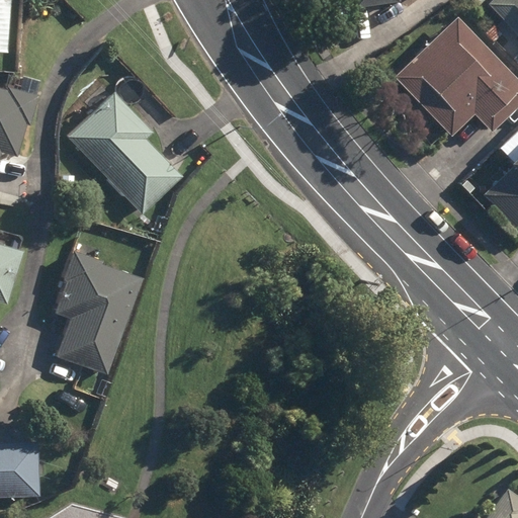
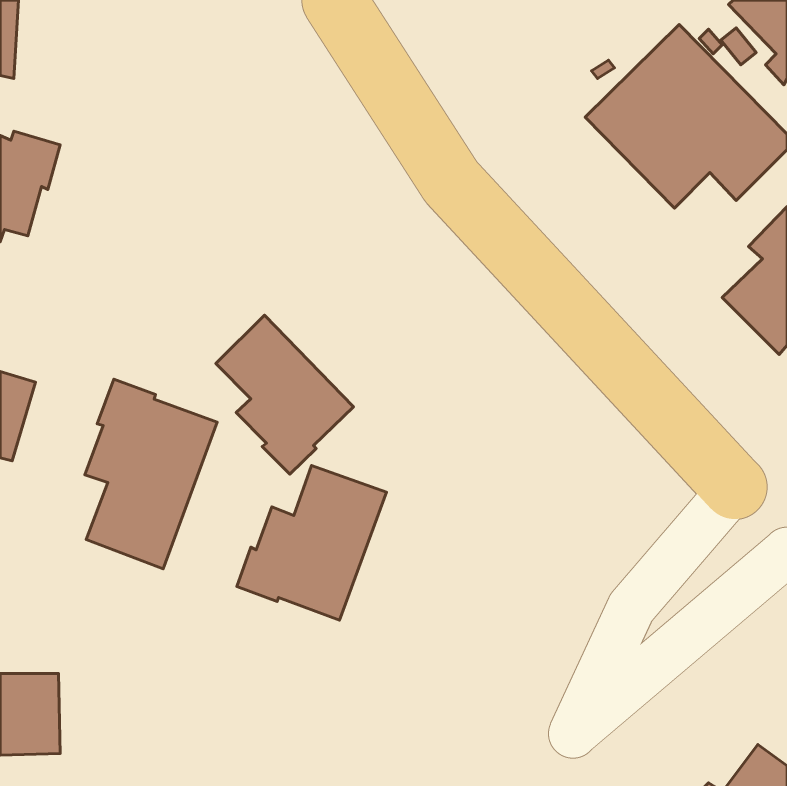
building: [68,92,182,214] -> none
building: none -> [216,315,353,474]
building: none -> [237,465,387,620]

